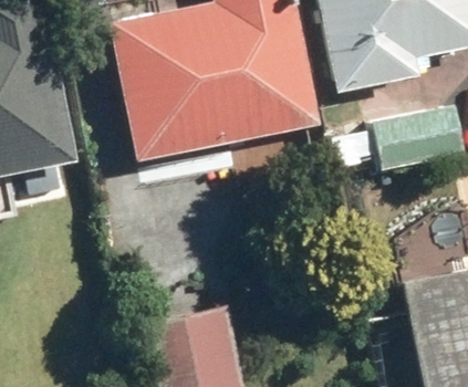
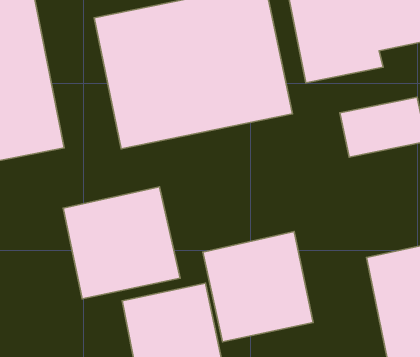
building: none -> [63,187,180,299]
building: none -> [203,232,313,342]

